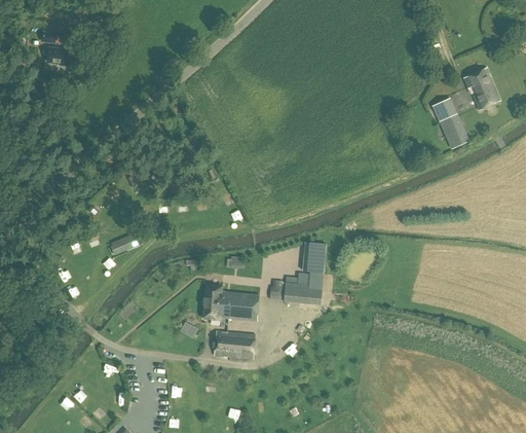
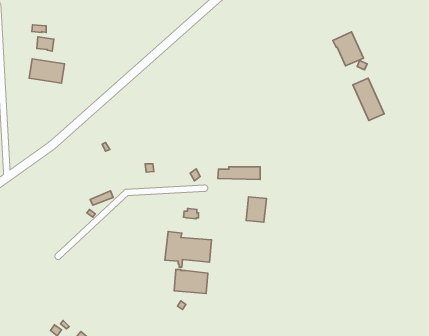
building: [463,68,500,109] -> [333,32,363,66]
building: none -> [29,59,65,83]
building: [271,283,323,298] -> [218,167,260,179]

